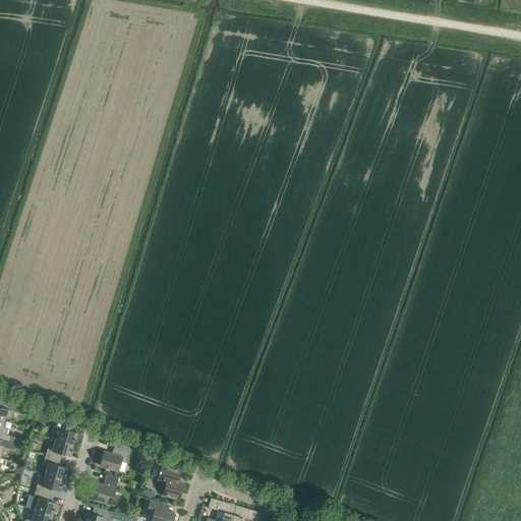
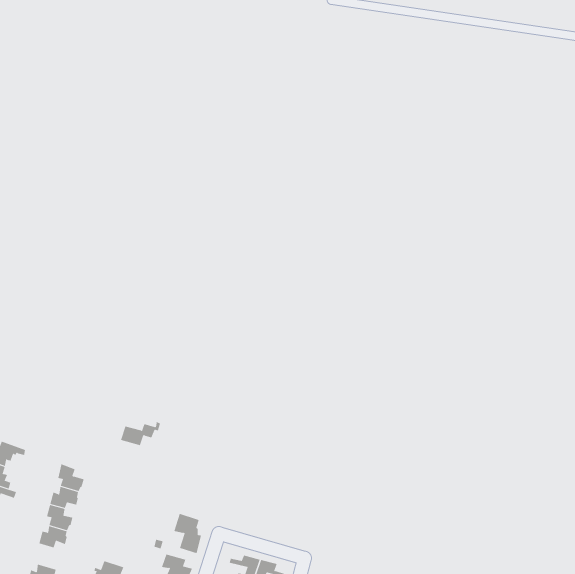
building: [99,450,135,472] -> [120,421,161,446]
building: [90,475,118,506] -> none
building: [25,493,56,516] -> none

